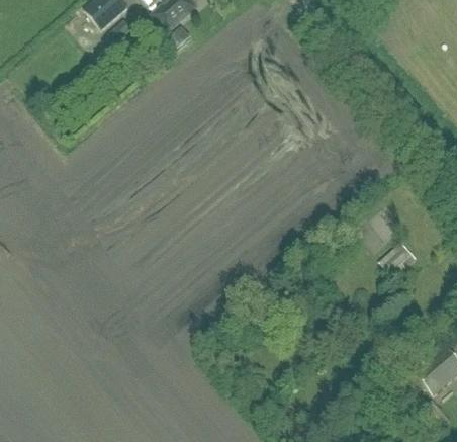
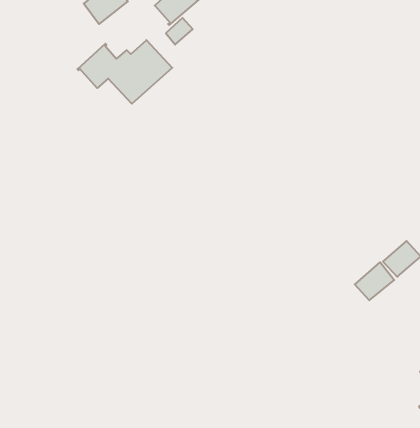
building: none -> [77,40,172,104]
building: none -> [355,262,394,300]

